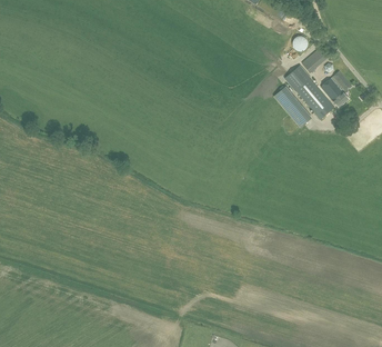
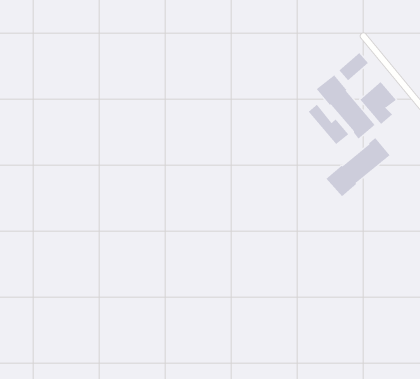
building: none -> [325,137,390,197]

